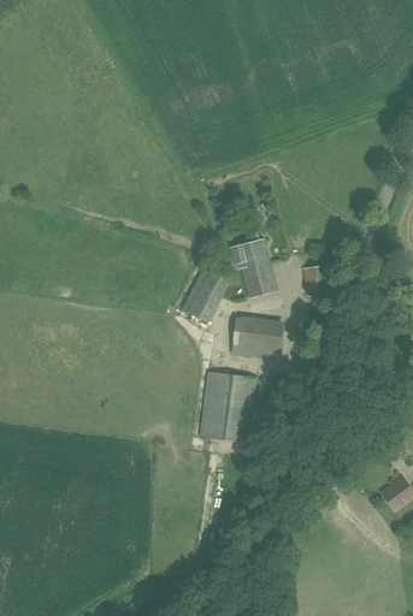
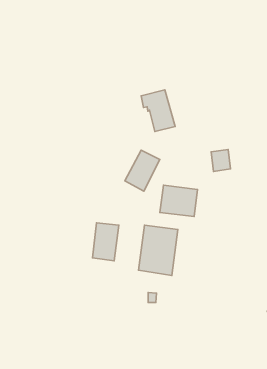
building: [229,239,277,298] -> [141,90,175,131]
building: none -> [92,223,119,261]

